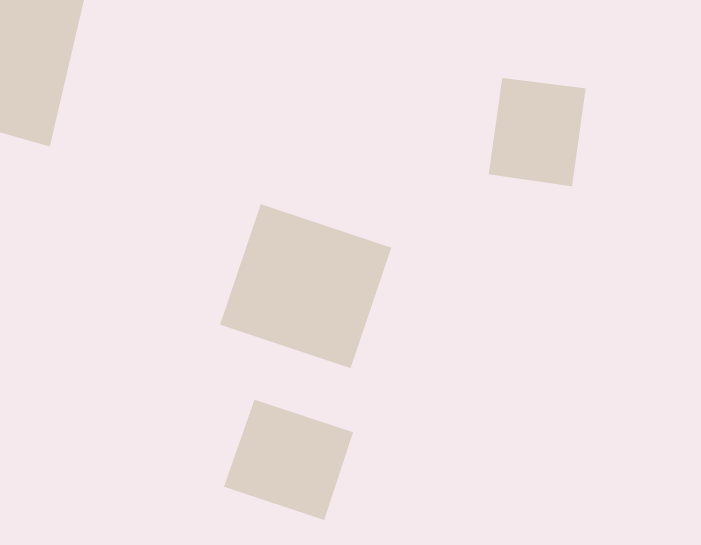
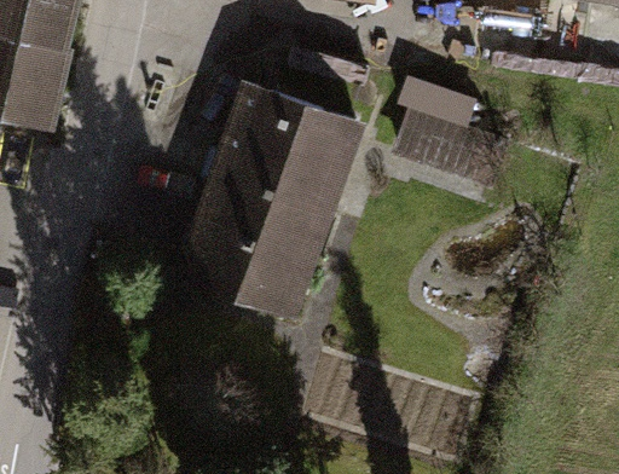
building: none -> [218,82,355,214]
building: [223,399,354,521] -> none

